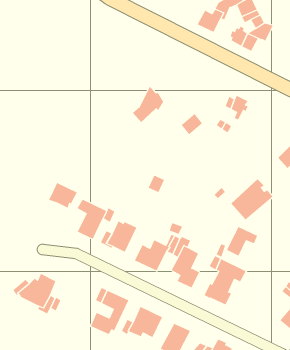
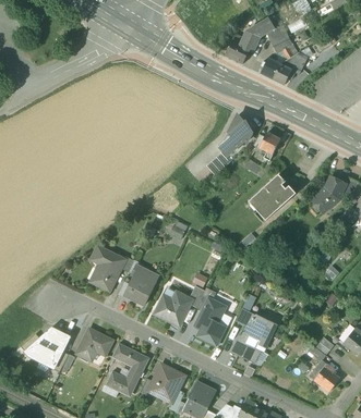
building: [132,87,164,123] -> [218,116,253,156]
building: [231,178,273,220] -> [248,175,294,221]
building: [48,182,77,209] -> none
building: [226,226,258,258] -> none
building: none -> [76,329,113,361]

